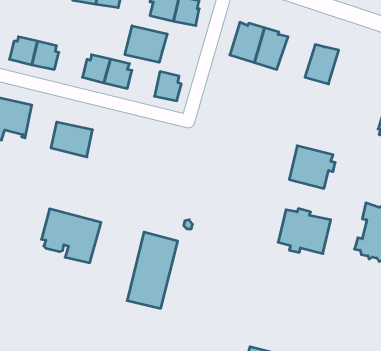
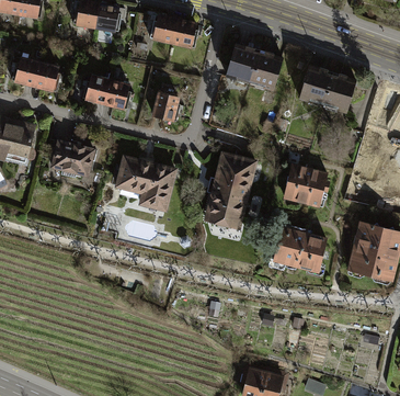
building: [125,26,167,62] -> none
building: none -> [323,72,356,113]
building: [41,209,101,263] -> [117,157,175,210]
building: [127,232,178,308] -> [206,154,255,228]

